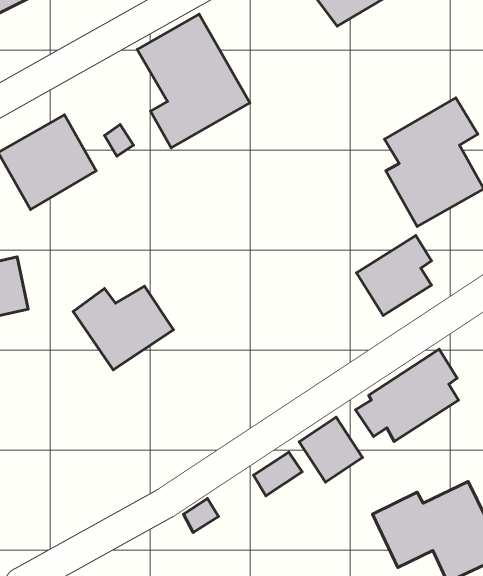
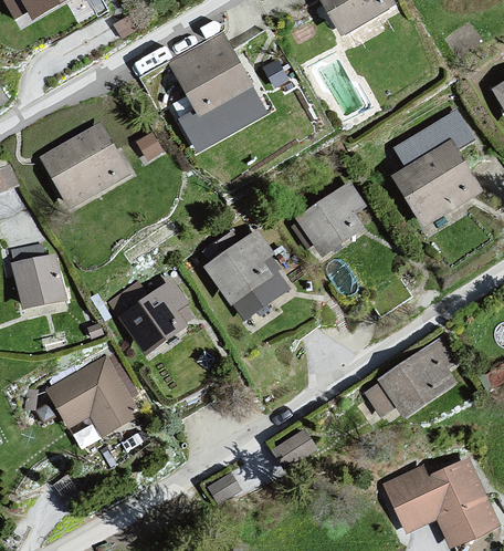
building: none -> [203,228,291,321]
building: [357,235,432,315] -> [296,181,365,254]
building: none -> [45,354,139,436]
building: [299,417,362,482] -> none

